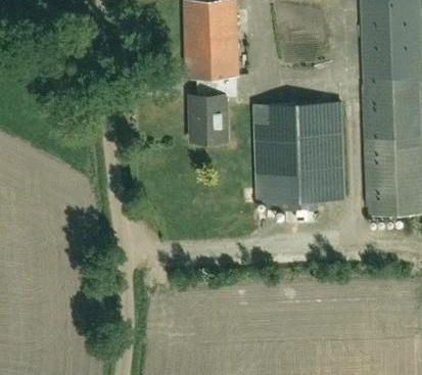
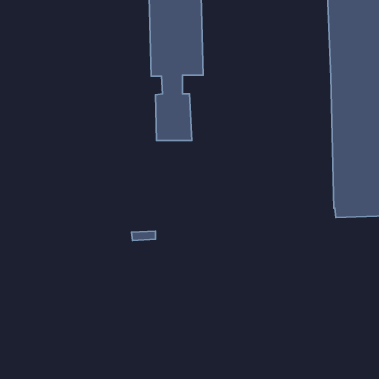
building: [254,102,343,208] -> none

